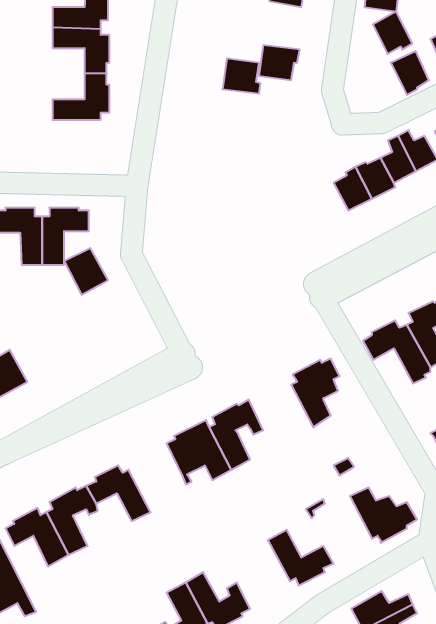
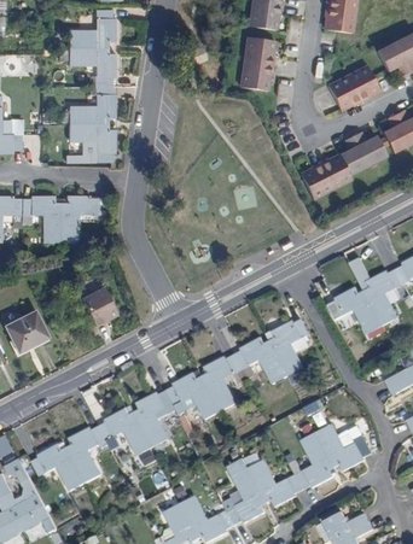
building: [373,11,412,54] -> [328,76,361,111]
building: [222,58,261,94] -> [243,36,274,65]
building: none -> [69,123,115,162]
building: [64,248,108,295] -> [85,285,121,323]
building: none -> [231,338,284,385]
building: none -> [132,390,176,446]
building: none -> [286,433,332,489]
building: none -> [221,463,264,526]

